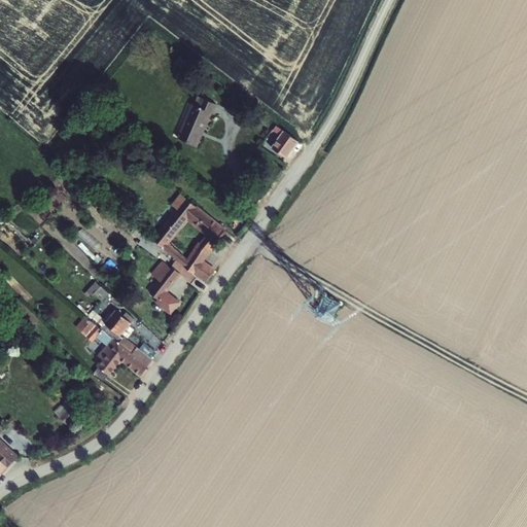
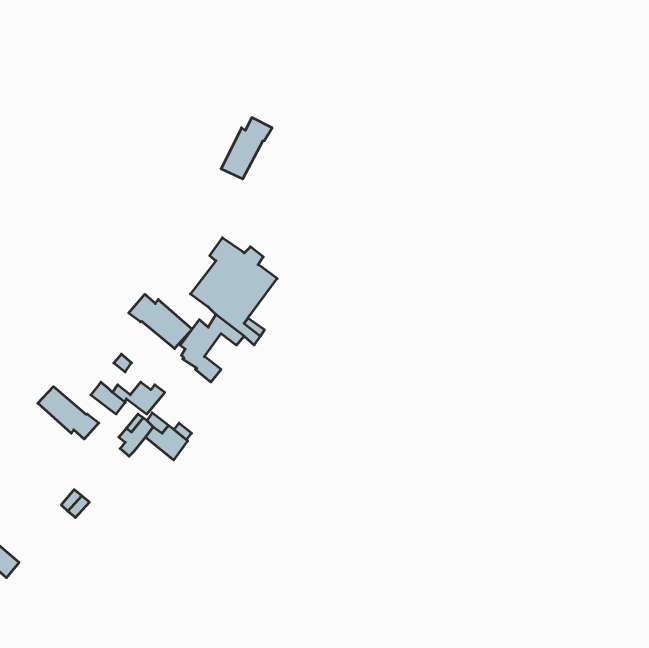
building: [272,125,297,157] -> none
building: none -> [129,294,192,349]
building: none -> [38,387,99,439]

